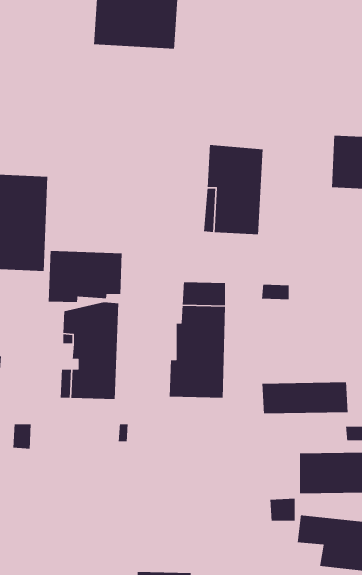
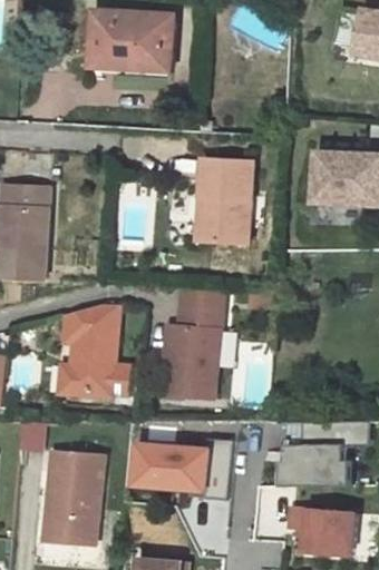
building: [48,250,123,303] -> none
building: [262,382,348,414] -> none
building: none -> [48,445,100,534]
building: none -> [134,445,212,494]

